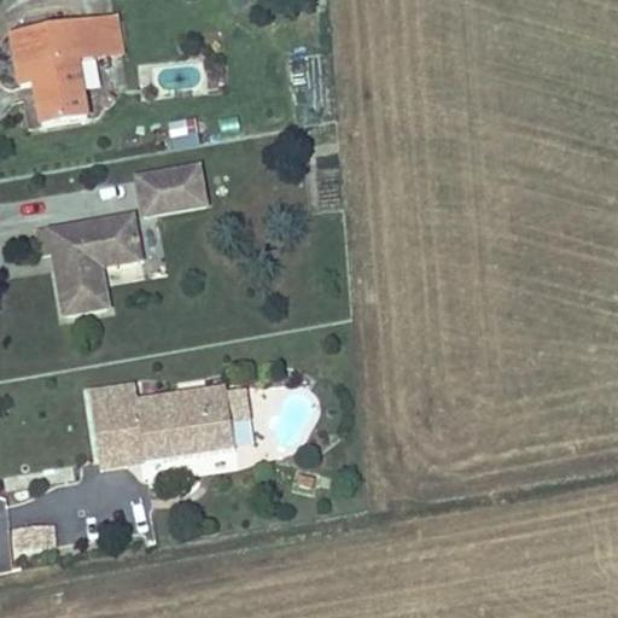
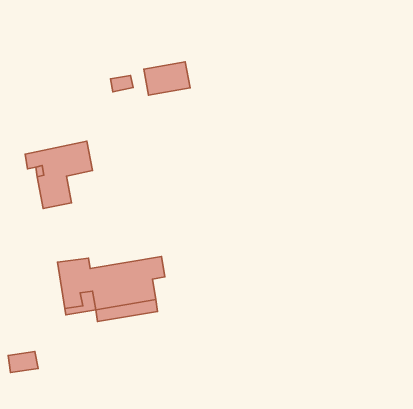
building: [12,12,122,123] -> none
building: [134,162,203,211] -> [144,62,190,95]

